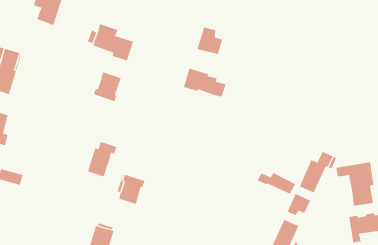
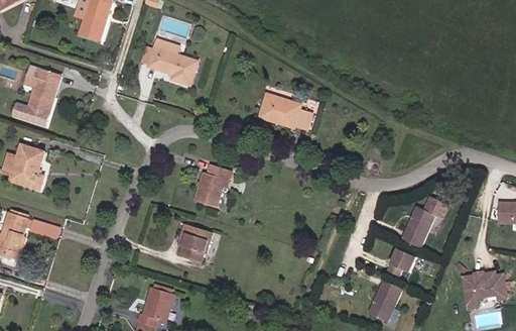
building: [197,26,223,55] -> none
building: [93,72,122,102] -> none
building: [87,141,117,177] -> [195,163,232,208]
building: [336,162,374,206] -> none
building: [257,172,296,195] -> none

